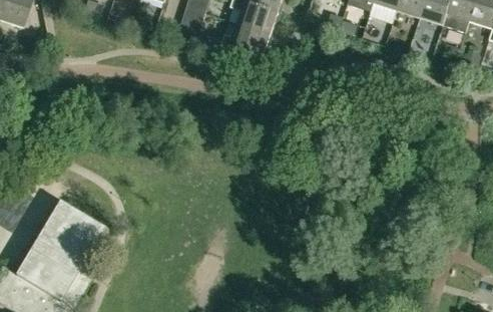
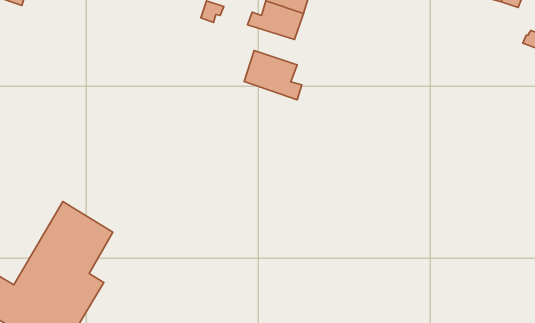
building: none -> [244,50,302,100]

